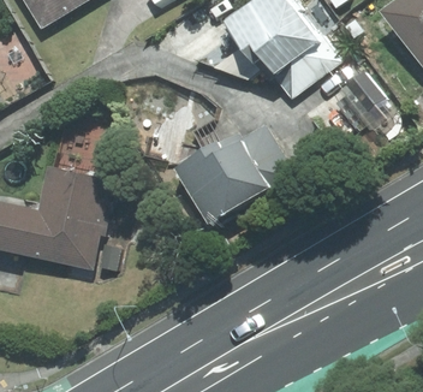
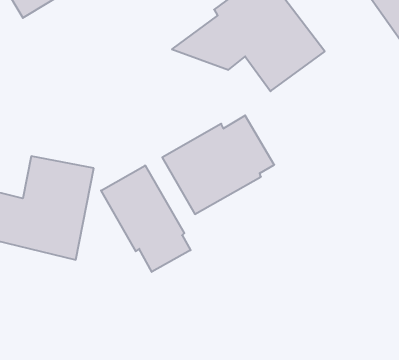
building: none -> [101,165,191,272]

